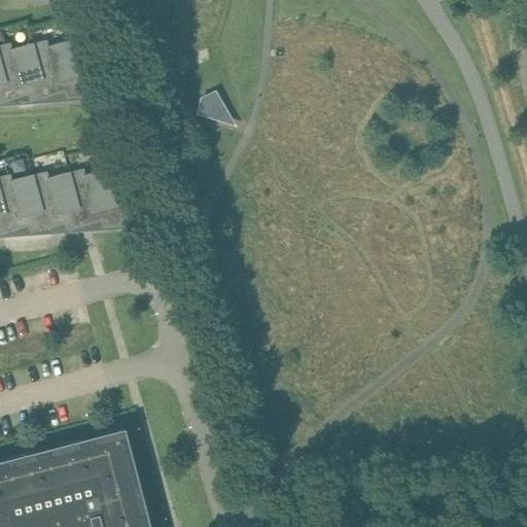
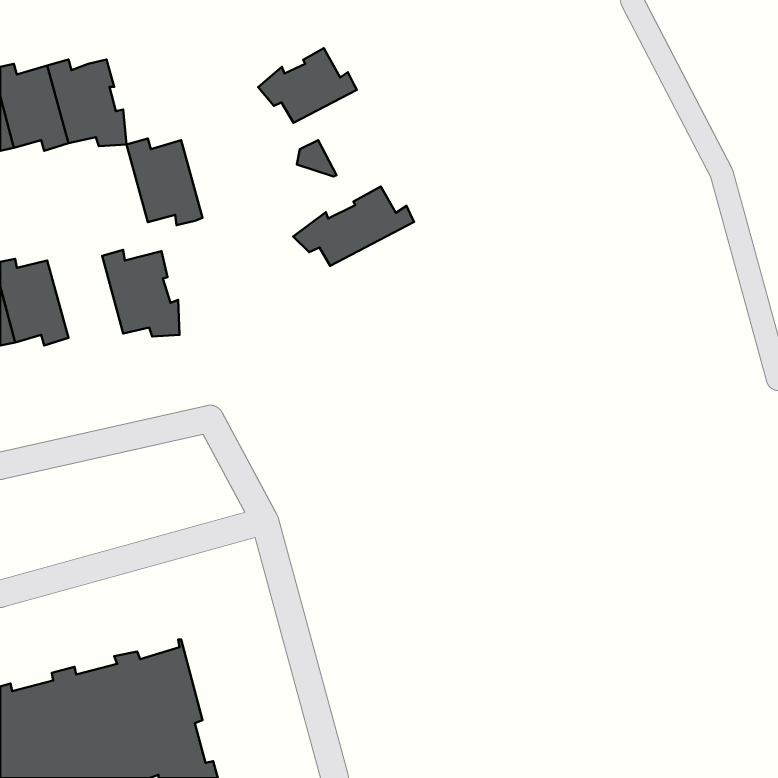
building: none -> [258,48,357,123]
building: none -> [293,186,414,266]
building: [32,172,83,231] -> [126,139,202,225]

